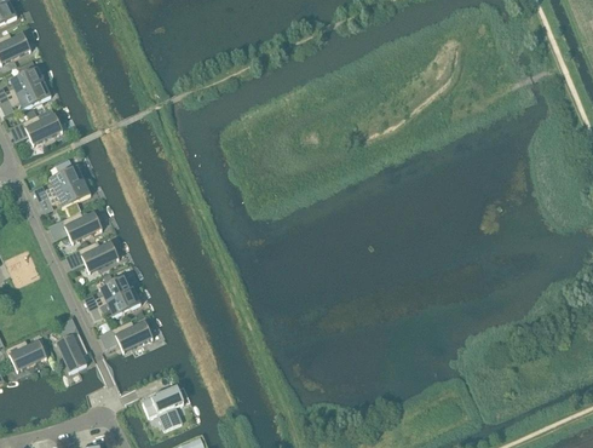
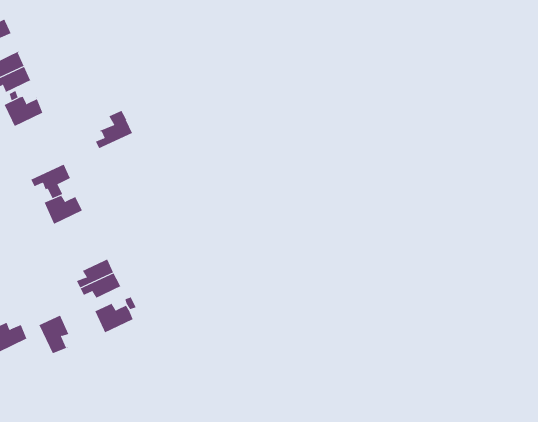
building: [45,157,82,196] -> [95,110,133,149]
building: [79,240,119,272] -> none
building: [142,387,183,423] -> none

